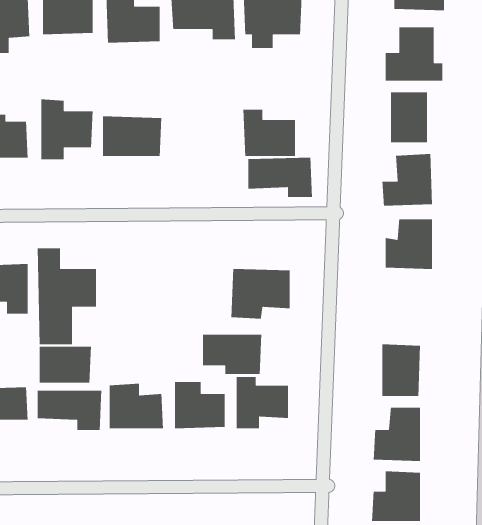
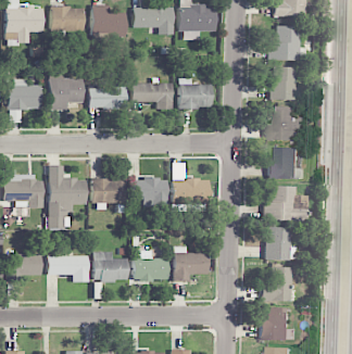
building: [248,157,313,198] -> [130,83,172,109]
building: none -> [263,187,305,220]
building: [202,334,262,375] -> [128,179,166,205]
building: [39,346,92,384] -> [90,179,124,203]

